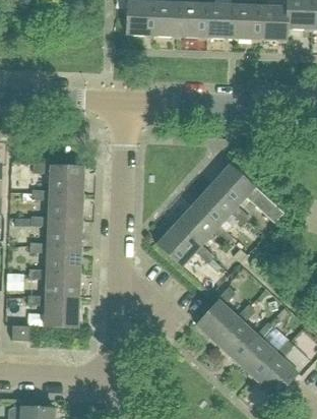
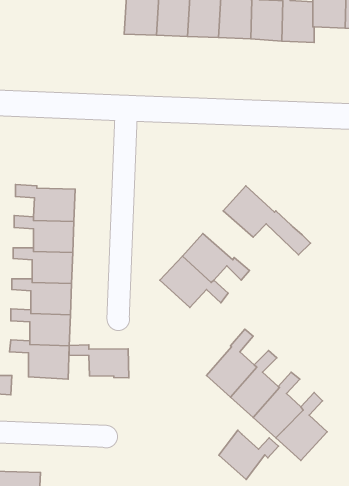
building: [192,184,249,226] -> none
building: none -> [69,345,129,378]
building: none -> [219,430,279,479]

